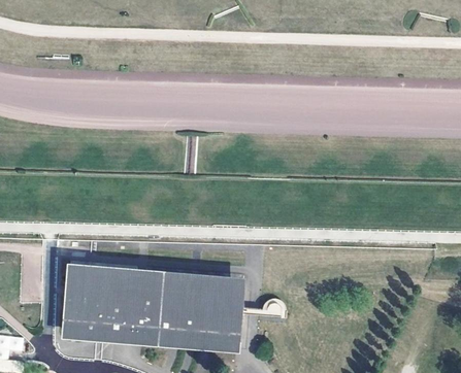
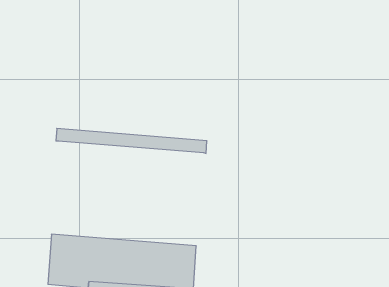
building: [65,264,239,293] -> [56,128,207,153]

